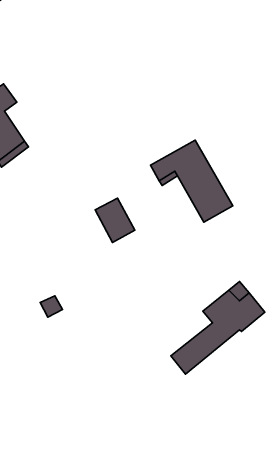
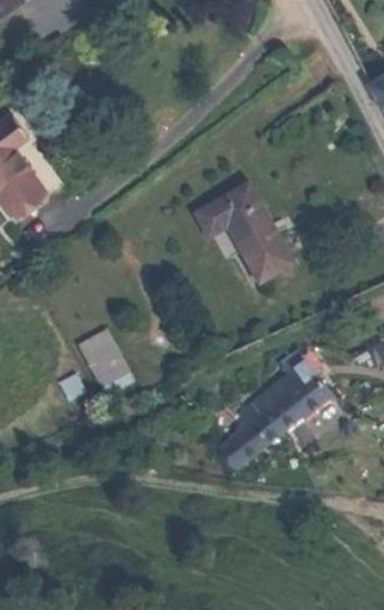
building: [95,198,135,243] -> [79,331,128,386]

